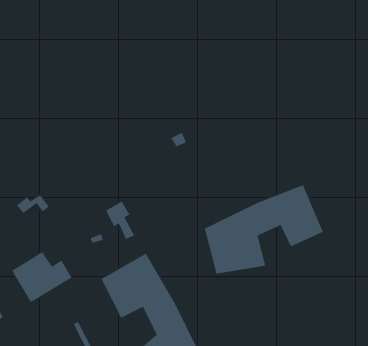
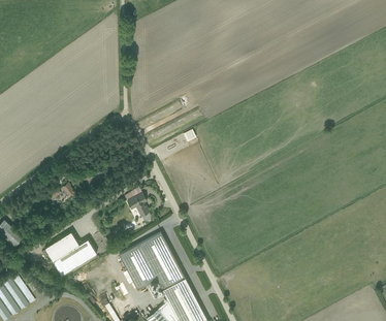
building: [204,184,324,274] -> none

